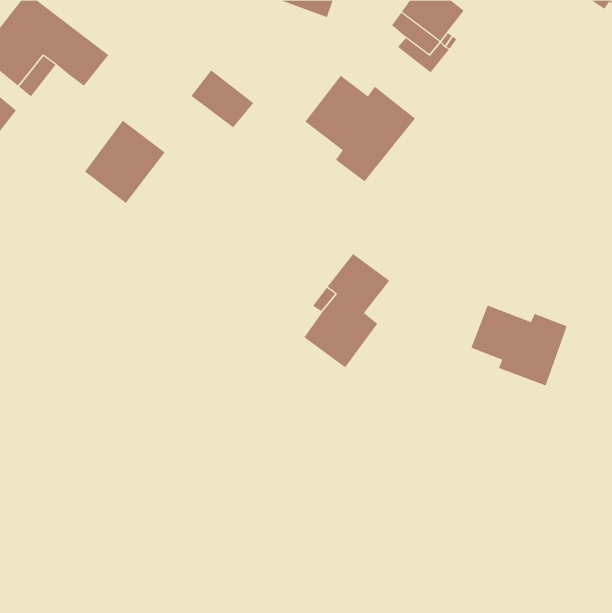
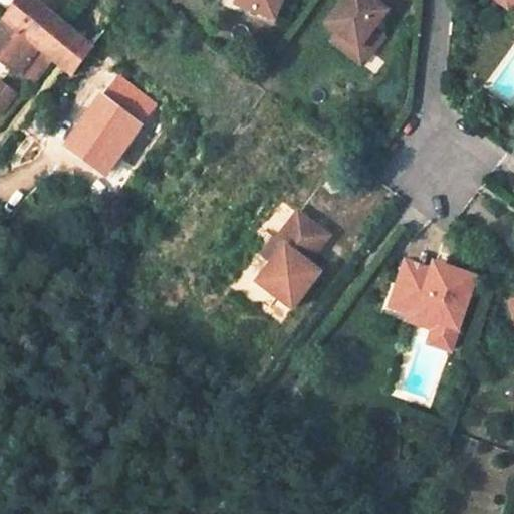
building: [190,69,254,128] -> [102,78,156,127]
building: [304,75,416,182] -> none
building: none -> [391,291,457,344]

